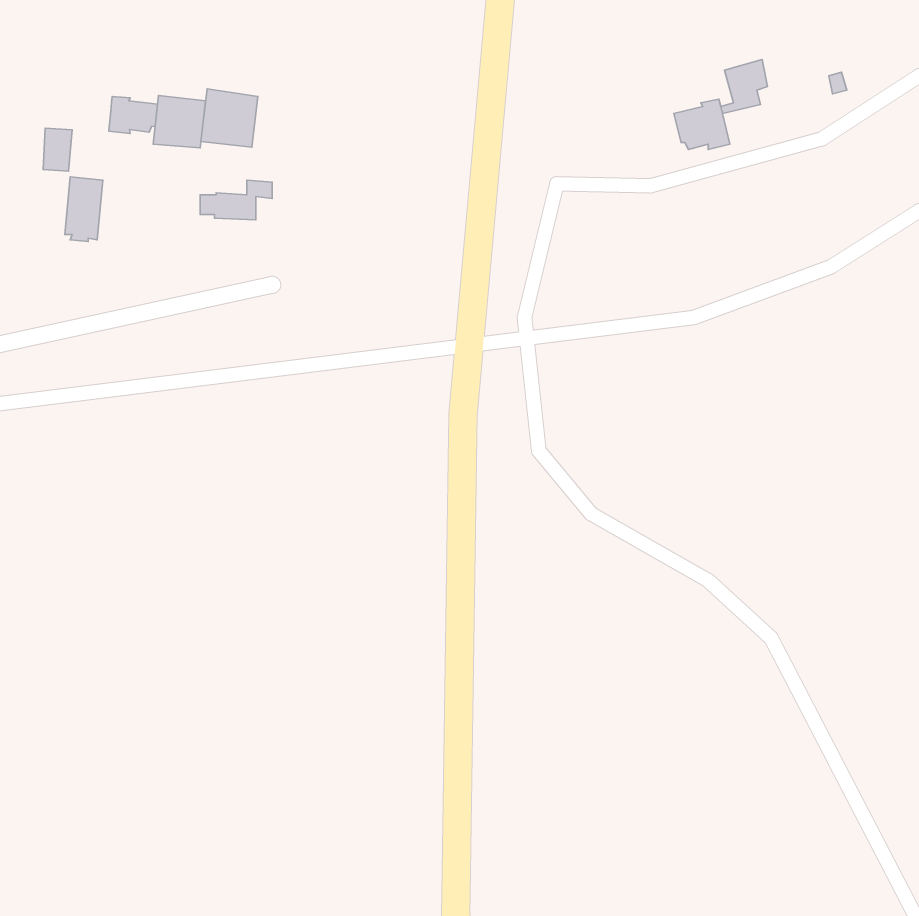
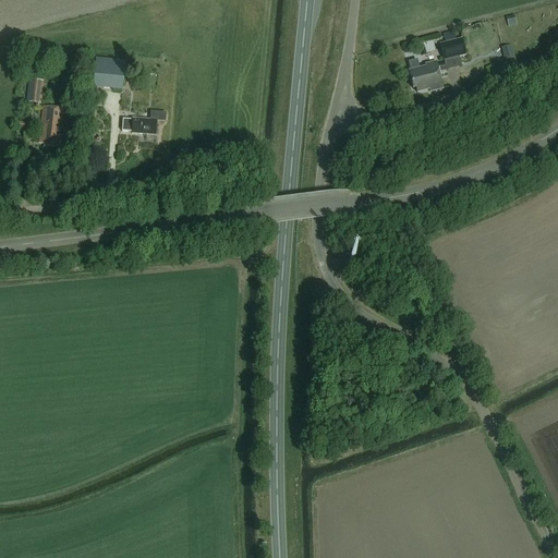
building: [201,89,258,147] -> none
building: [109,96,158,134] -> none

